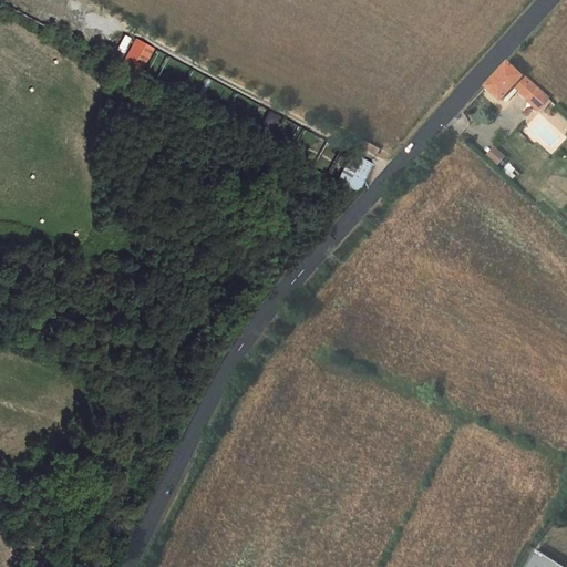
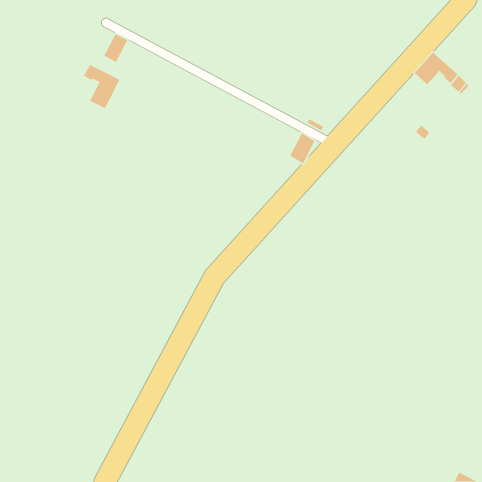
building: none -> [83,64,120,109]

